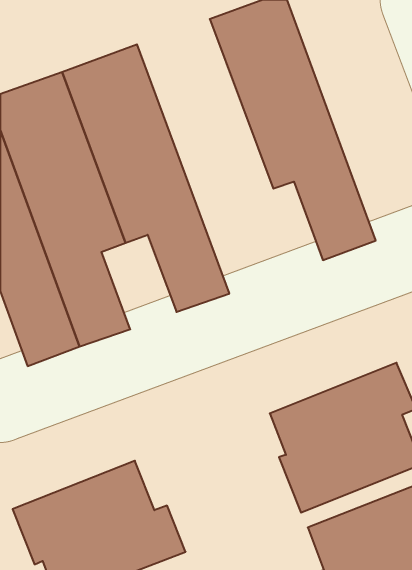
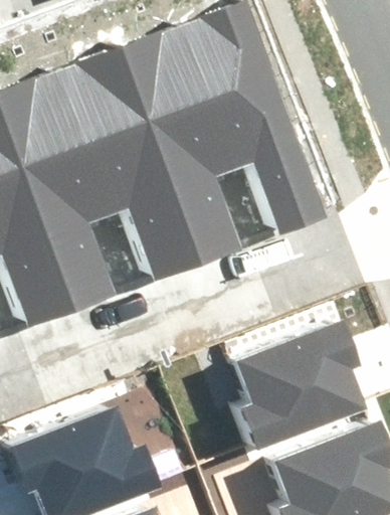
building: none -> [120,22,242,262]

